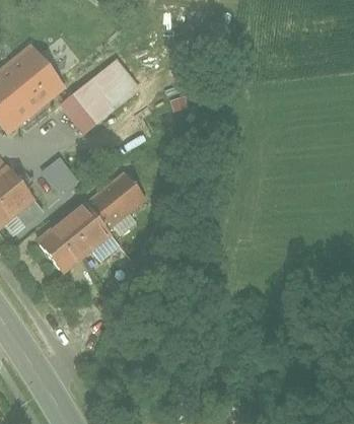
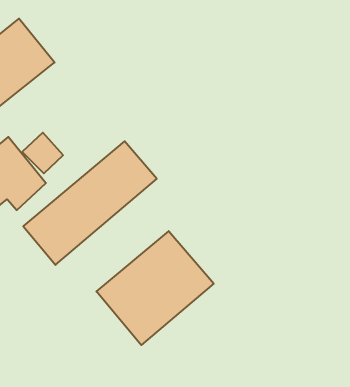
building: [62,64,135,132] -> none
building: none -> [96,231,214,345]

